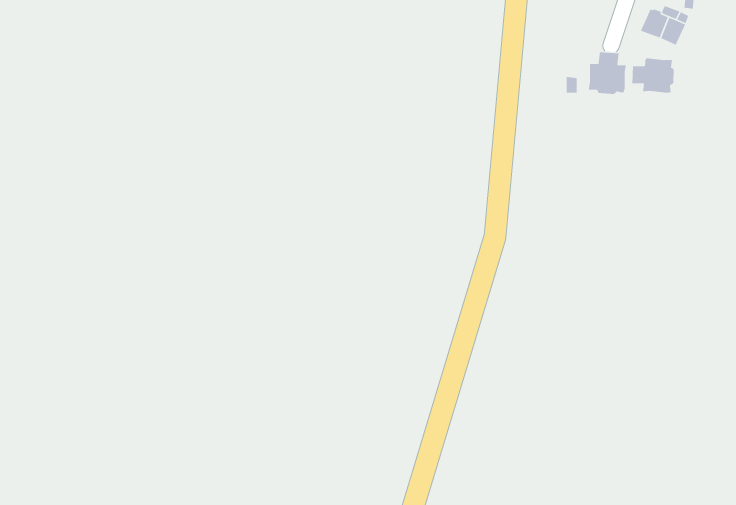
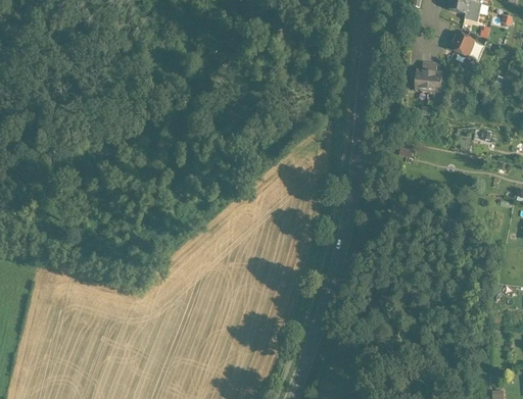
building: [631,58,674,94] -> none

